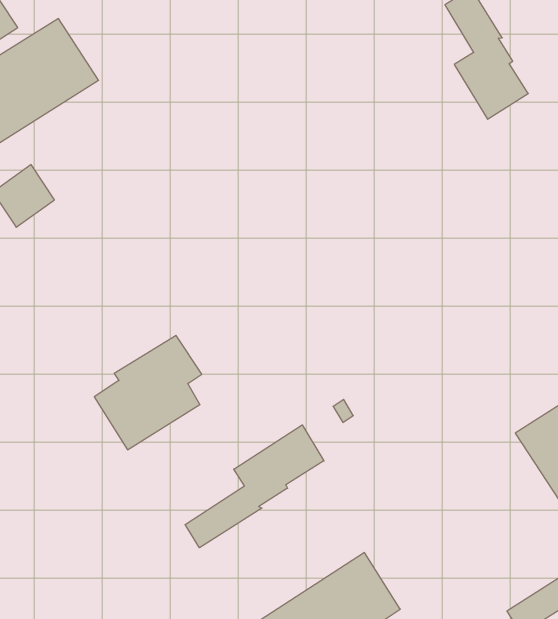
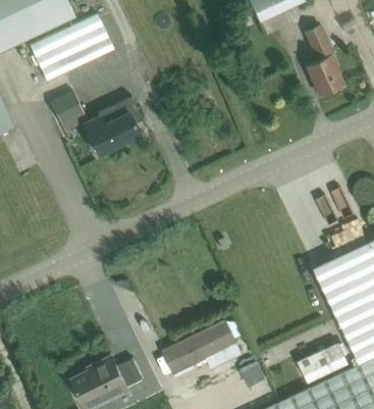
building: [94,335,202,450] -> [84,97,143,155]
building: [185,425,324,548] -> none

